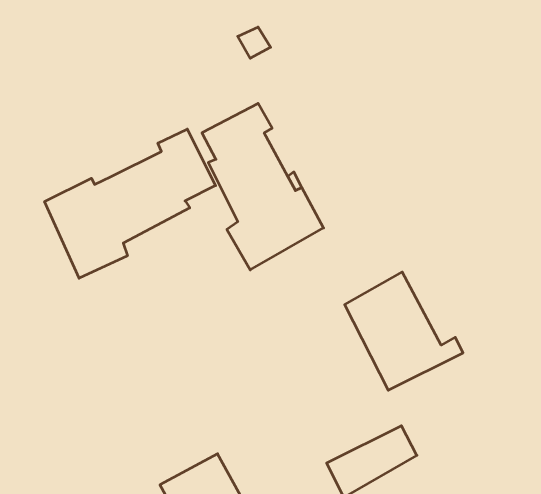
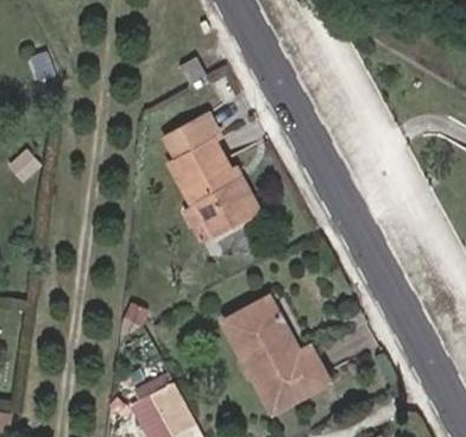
building: [45,129,216,278] -> none
building: [345,272,463,390] -> [227,300,317,391]

